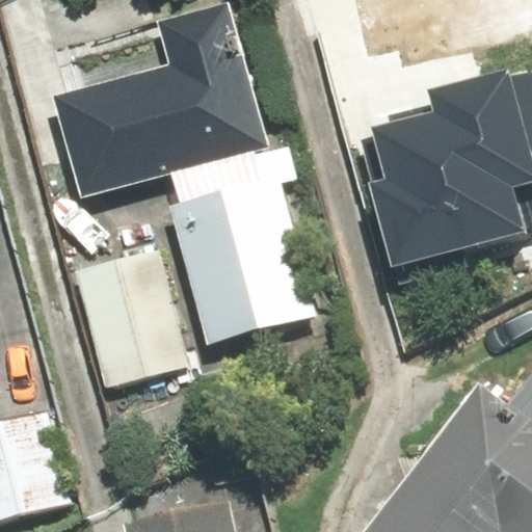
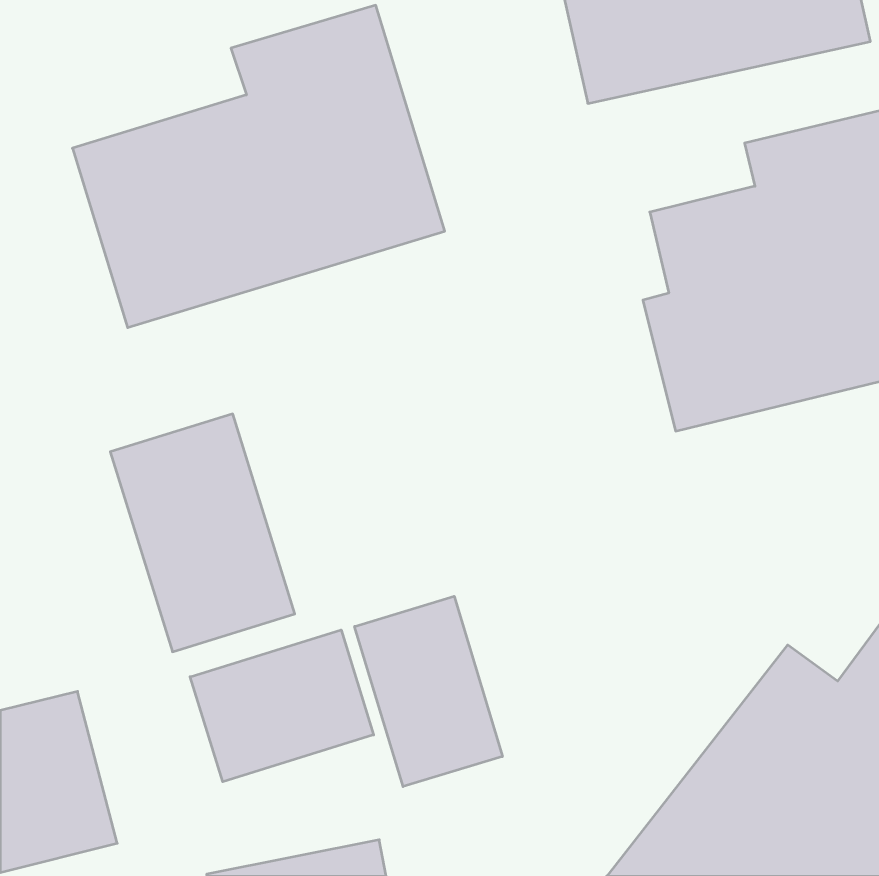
building: [170,188,315,344] -> none
building: none -> [355,596,502,787]
building: none -> [190,630,374,782]

